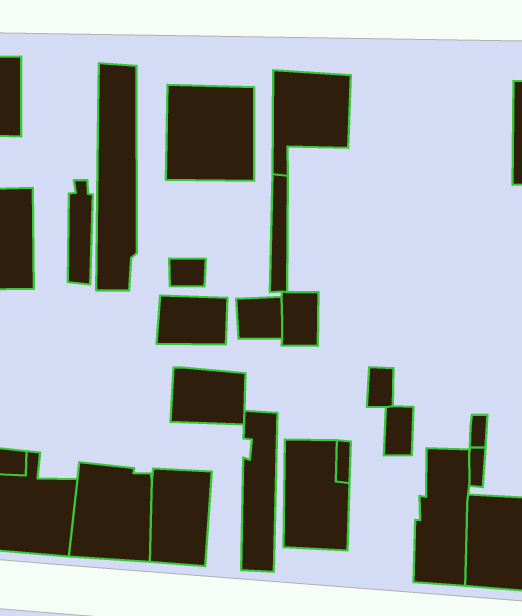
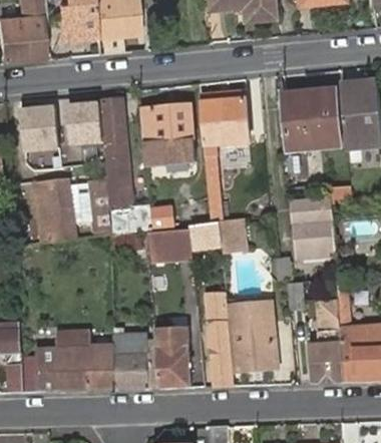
building: none -> [66,102,104,146]
building: none -> [283,90,341,149]
building: none -> [293,198,336,257]
building: [171,367,245,424] -> none

